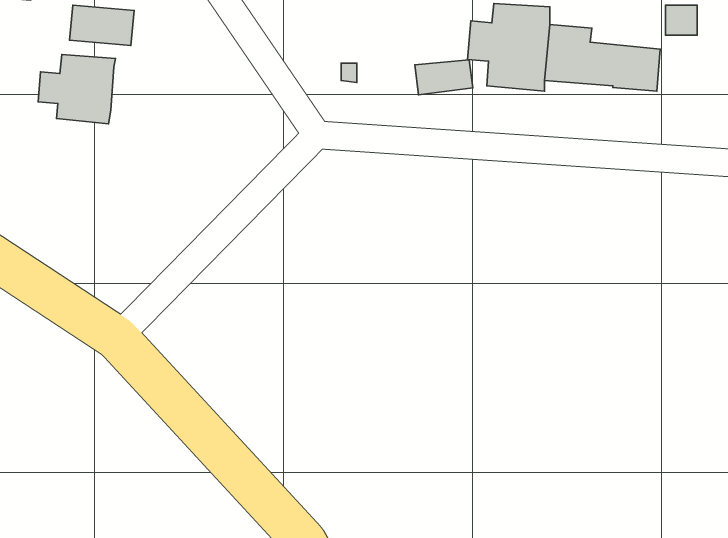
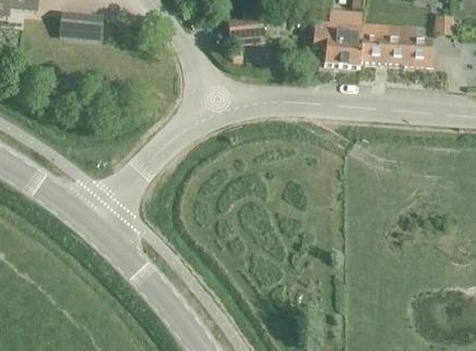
building: [38,55,115,124] -> none
building: [415,60,473,95] -> [226,18,263,40]

